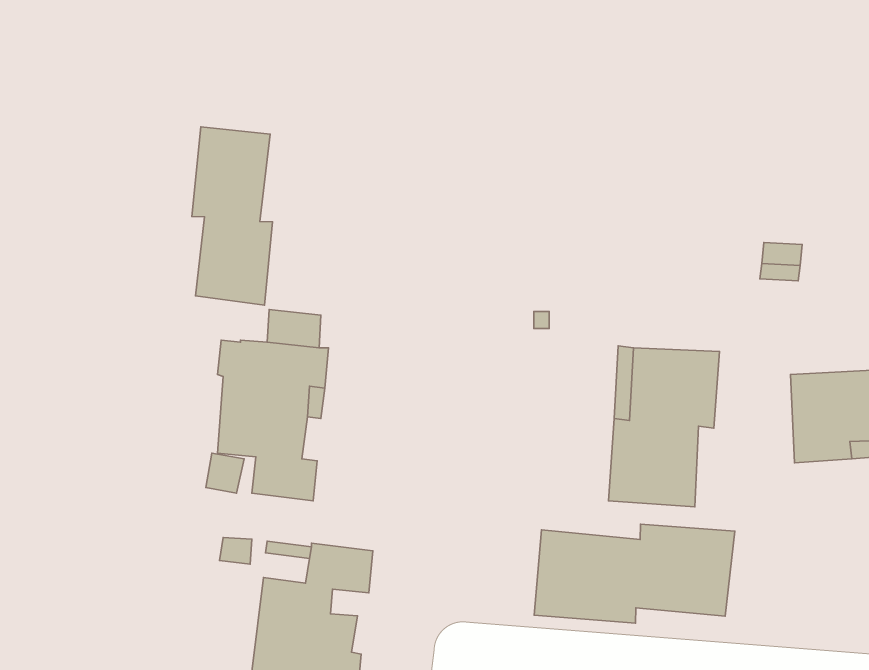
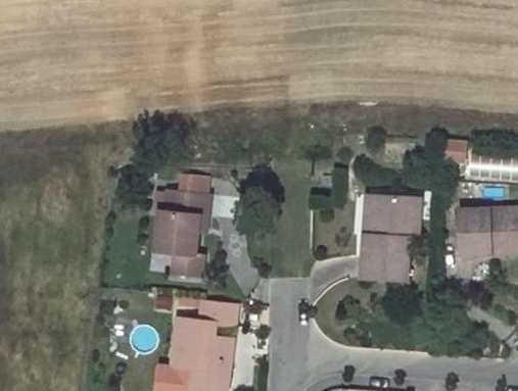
building: [192,127,272,305] -> none
building: [534,524,735,623] -> none

